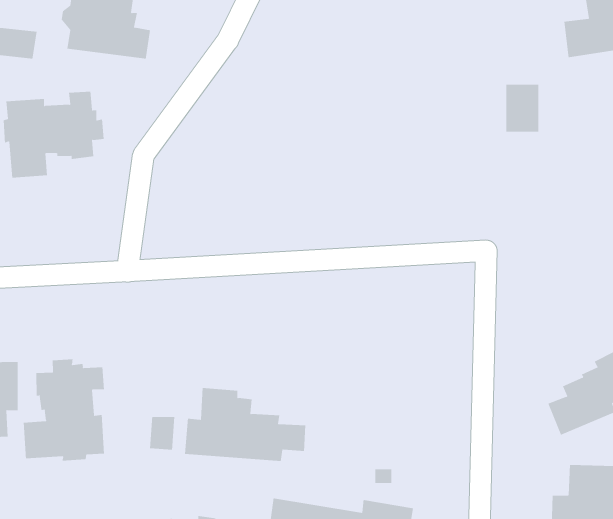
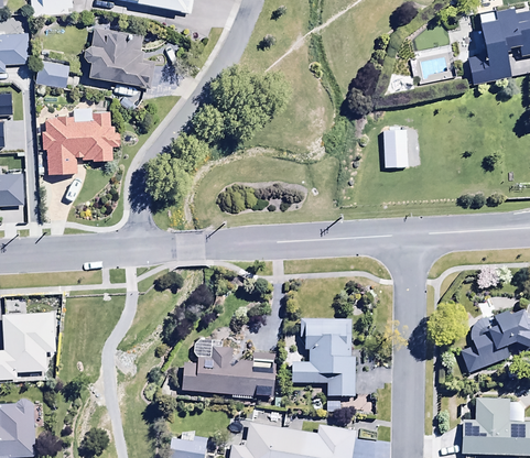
building: [506,84,539,132] -> [383,132,409,168]
building: [23,359,105,462] -> none
building: none -> [291,316,354,393]
building: [150,416,175,451] -> none

